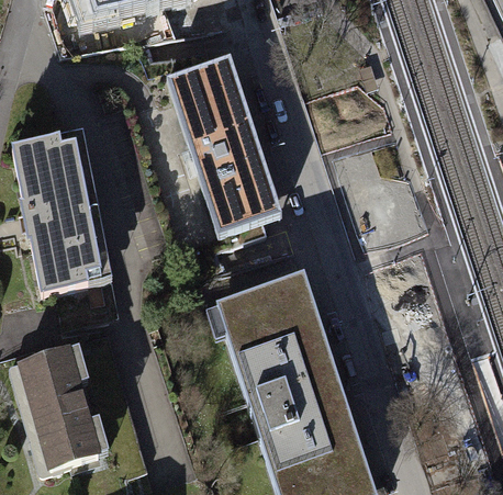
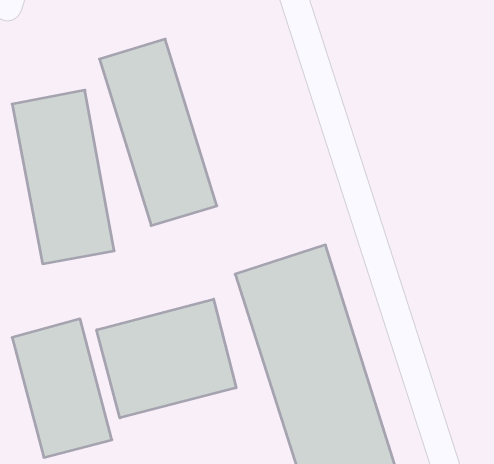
building: [169,56,279,230] -> [99,39,217,226]
building: none -> [97,299,236,418]

